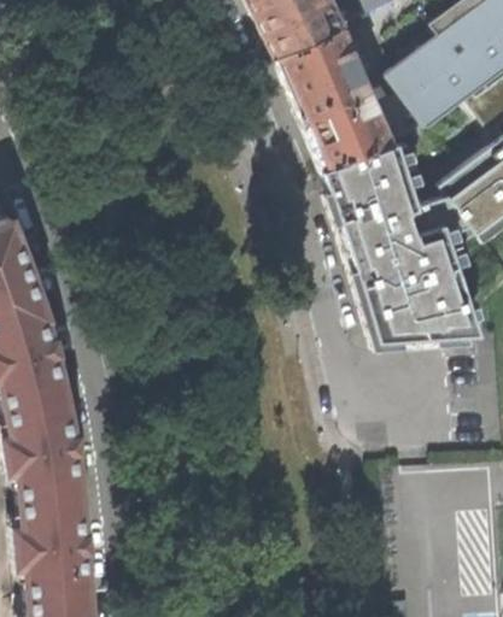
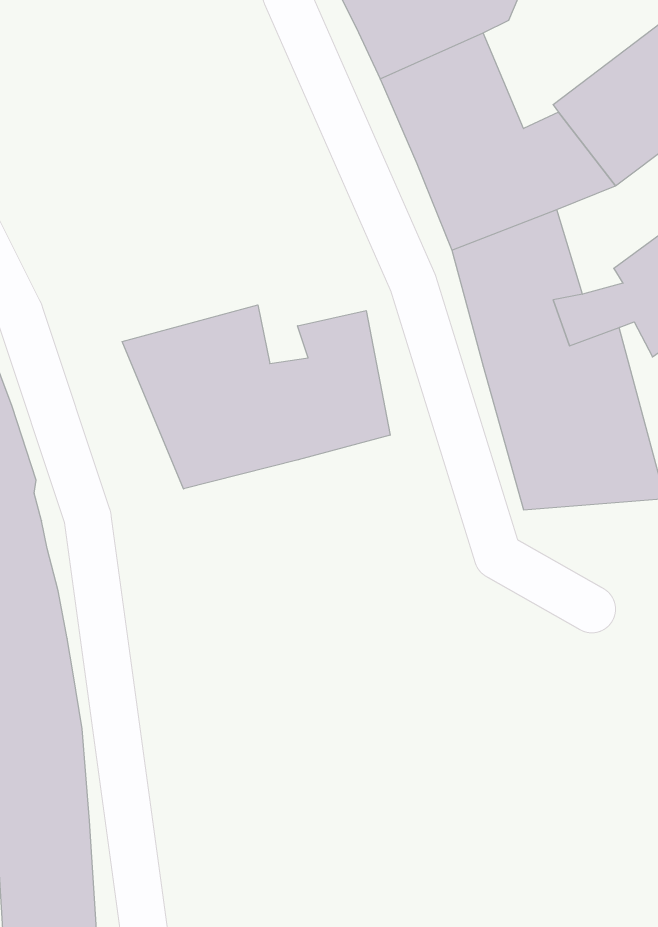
building: none -> [122,305,390,489]

